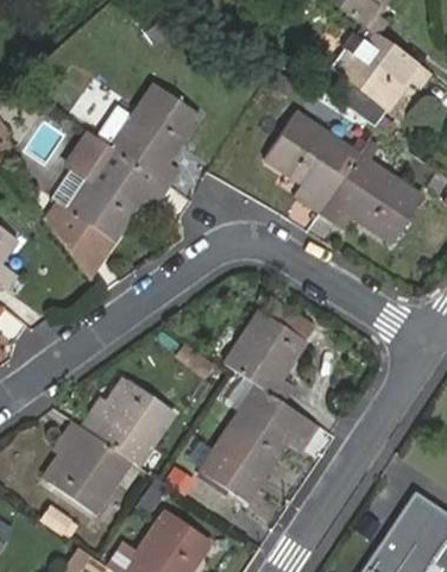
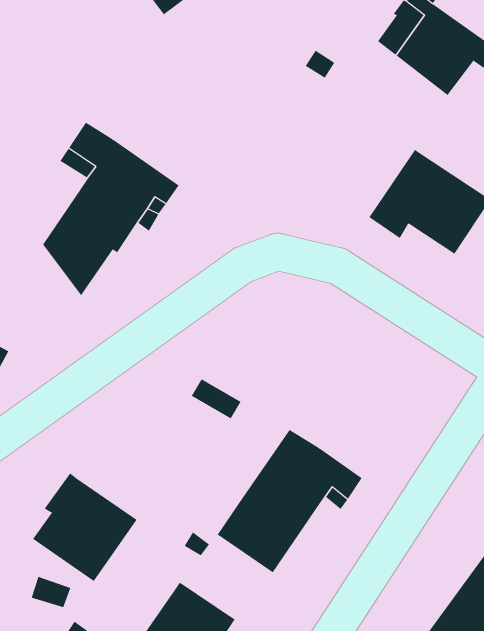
building: [111,84,199,184] -> none
building: [265,112,359,210] -> none
building: [224,310,306,401] -> none
building: [81,377,175,465] -> none

